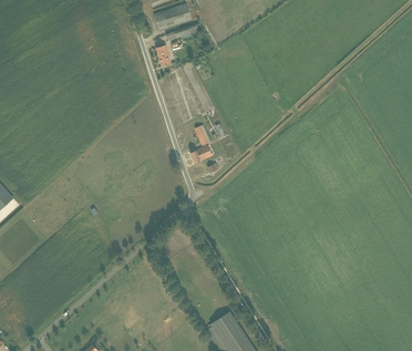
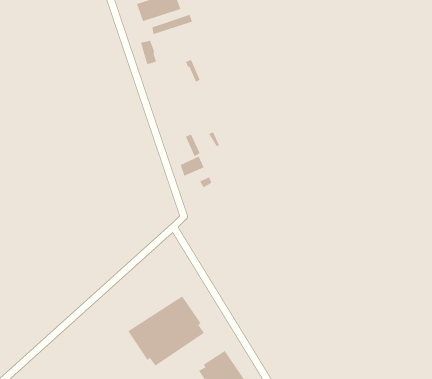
building: none -> [128,295,205,367]

